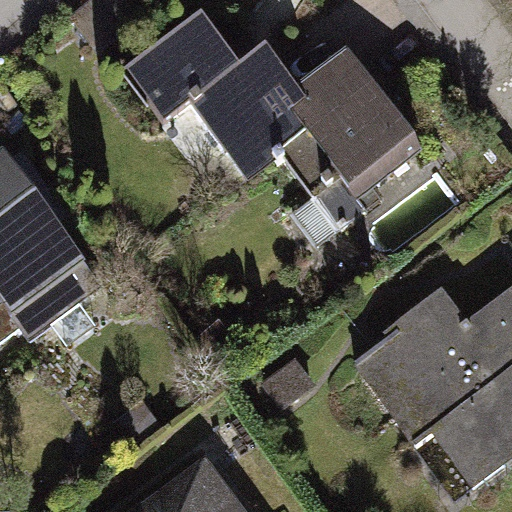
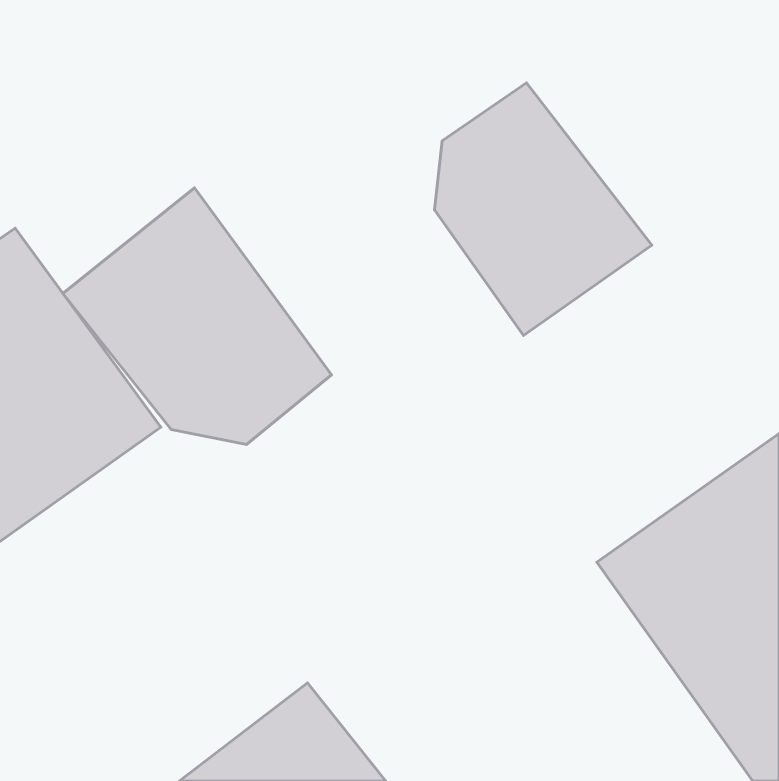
building: [119,16,289,172] -> none
building: none -> [63,188,332,444]

